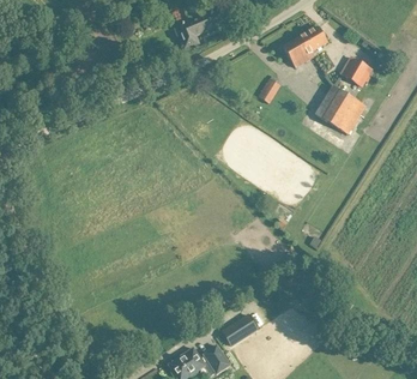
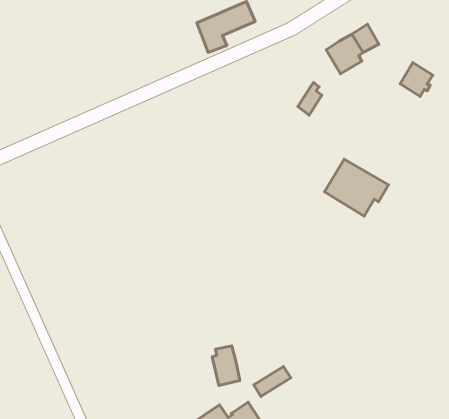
building: [315,86,369,134] -> [324,159,388,216]
building: none -> [212,346,240,386]

